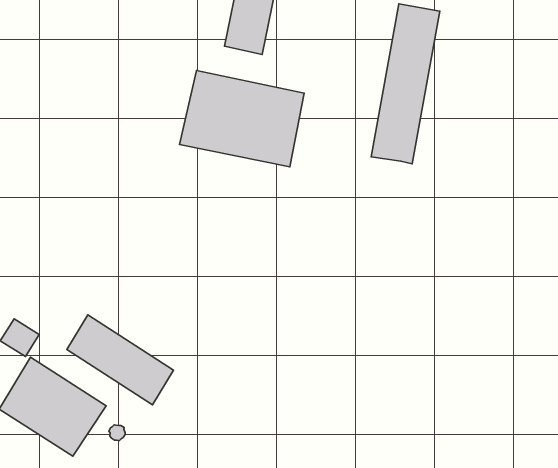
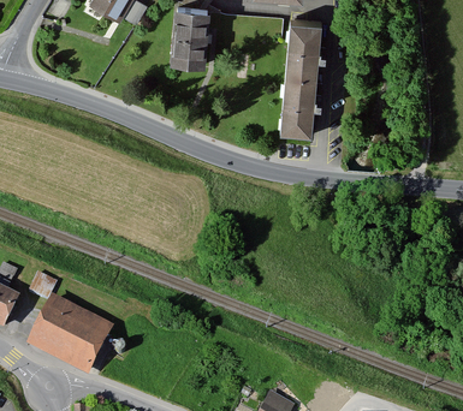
building: [179,71,304,167] -> none
building: [67,315,173,405] -> none

